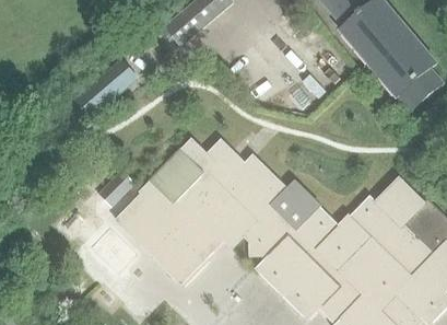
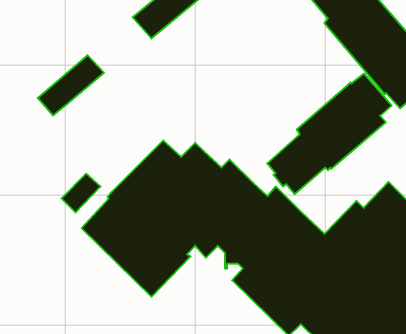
building: none -> [267,74,392,194]

